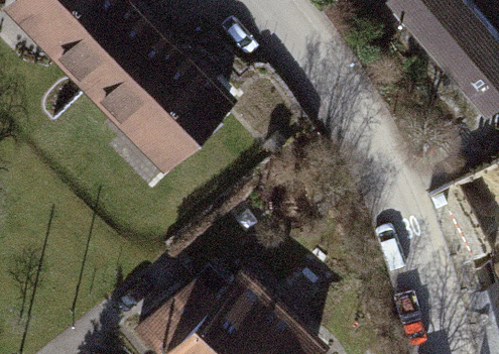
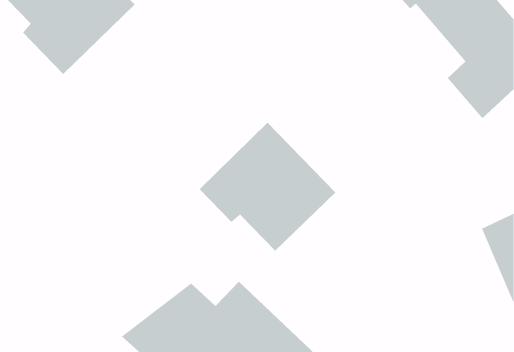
building: [89,27,233,164] -> none
building: none -> [199,122,336,252]

